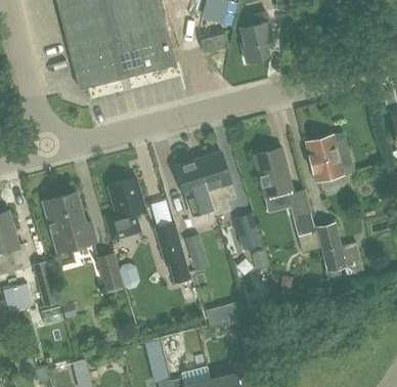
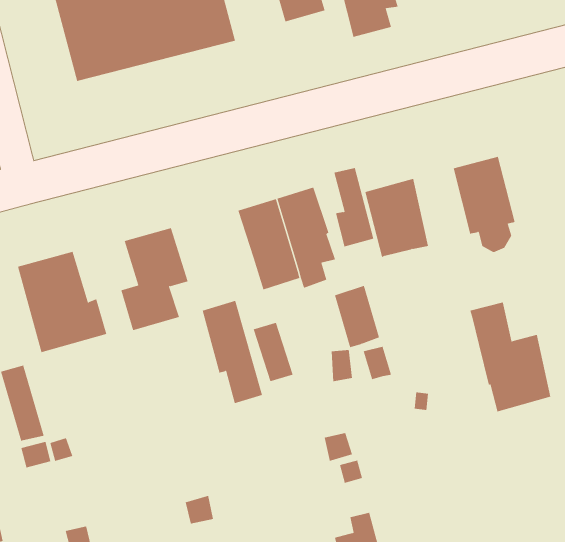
building: [291,188,315,236] -> [334,168,374,247]
building: [95,252,123,290] -> none

